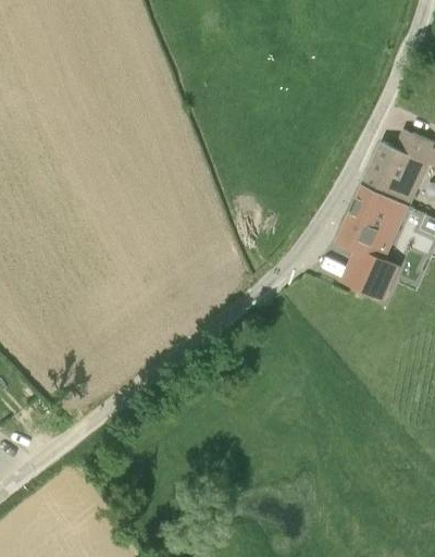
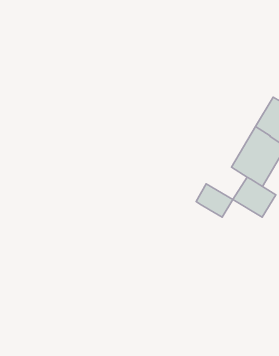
building: none -> [196,184,233,217]

